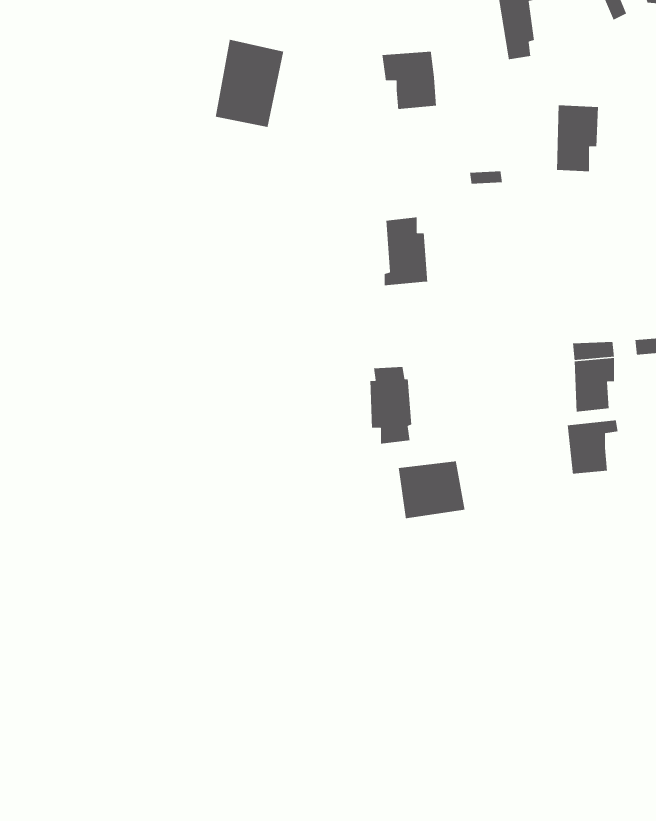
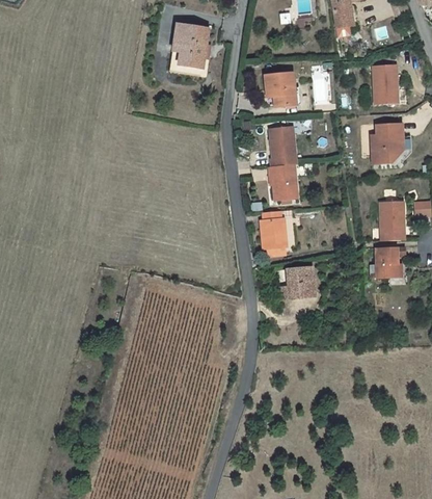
building: [382,51,437,110] -> [264,73,296,107]
building: none -> [371,125,404,162]
building: none -> [267,165,297,202]

